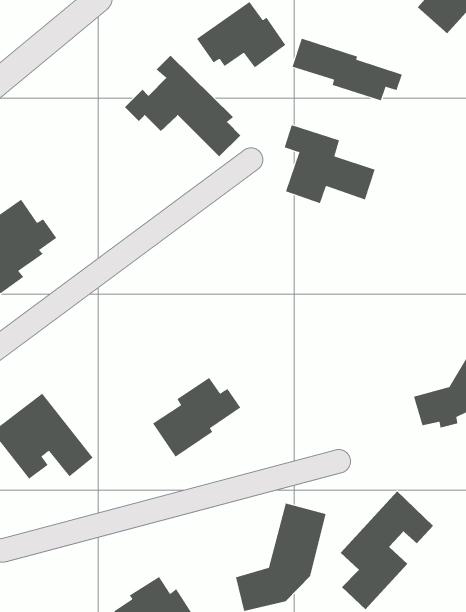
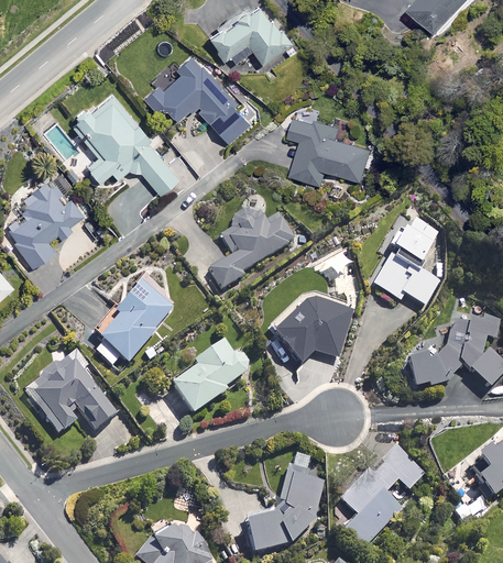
building: [292,38,402,101] -> none
building: none -> [72,88,179,195]
building: none -> [208,203,295,290]
building: none -> [371,217,439,309]
building: none -> [98,280,173,363]
building: none -> [271,299,351,364]

